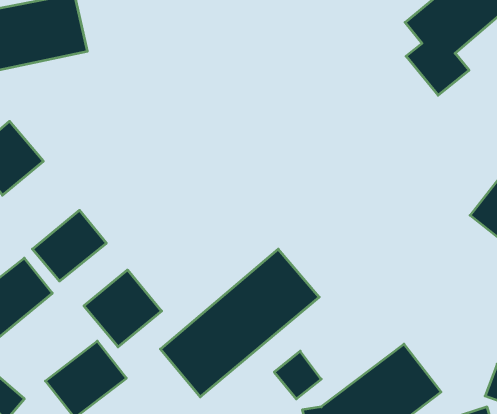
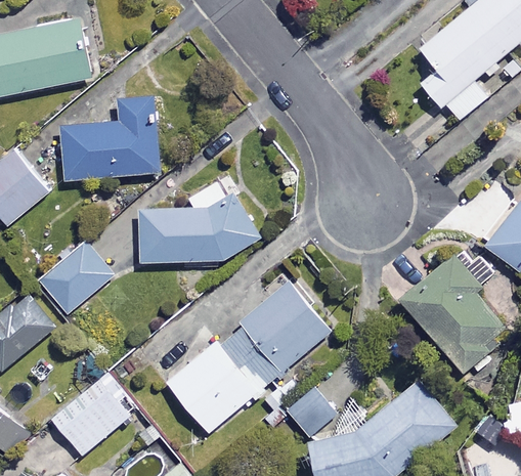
building: none -> [60,98,160,182]
building: none -> [138,183,259,261]
building: none -> [402,254,506,380]
building: [84,270,162,347] -> none

